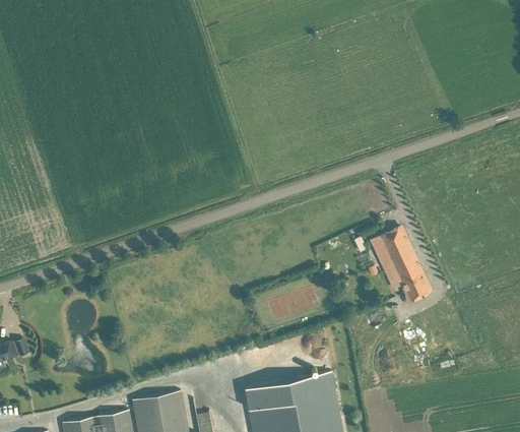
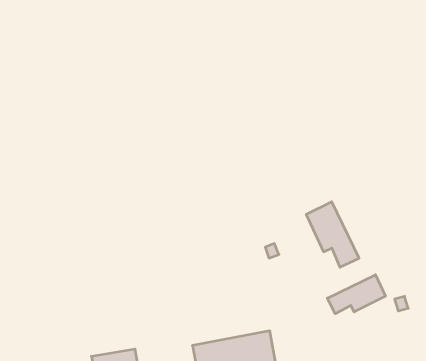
building: none -> [327,275,385,314]

